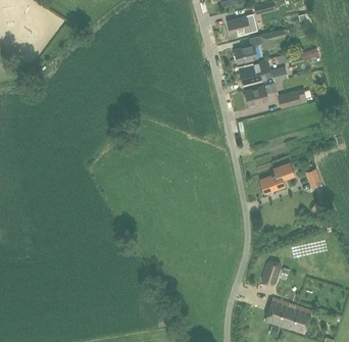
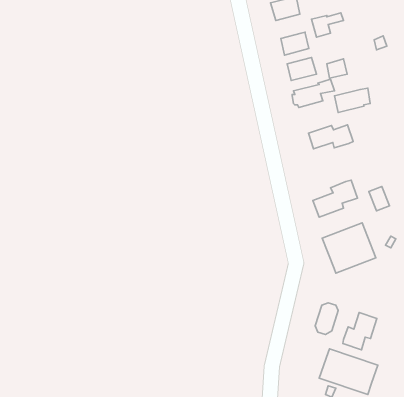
building: none -> [309,125,353,149]
building: none -> [322,223,376,273]
building: none -> [343,312,377,350]

